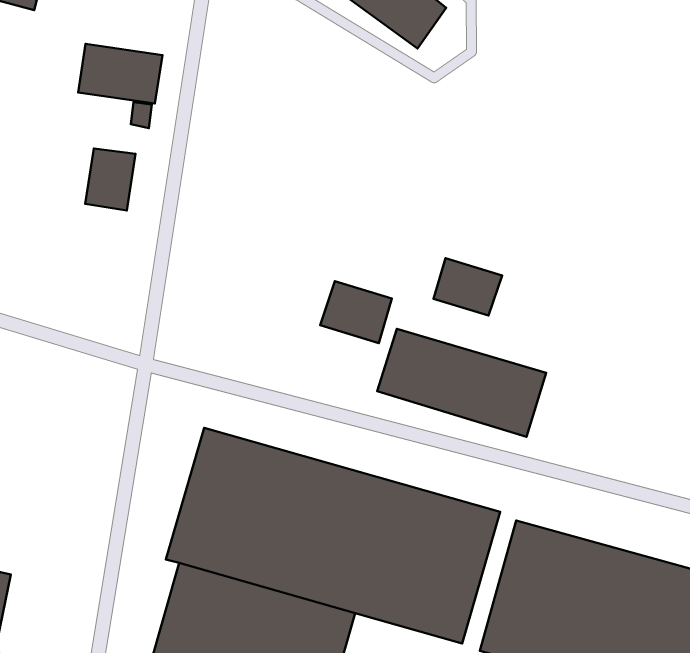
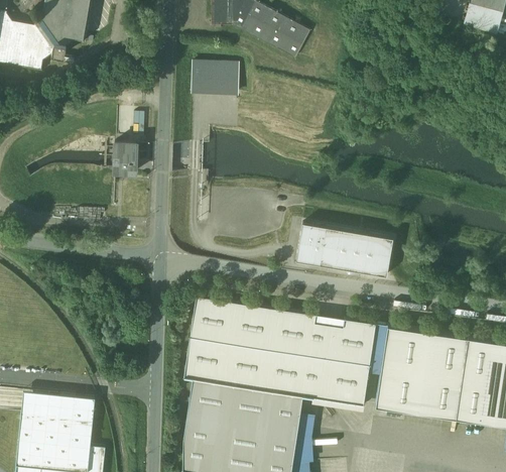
building: [78,44,163,104] -> [191,62,238,92]
building: [433,258,502,316] -> none
building: [320,281,392,343] -> none

